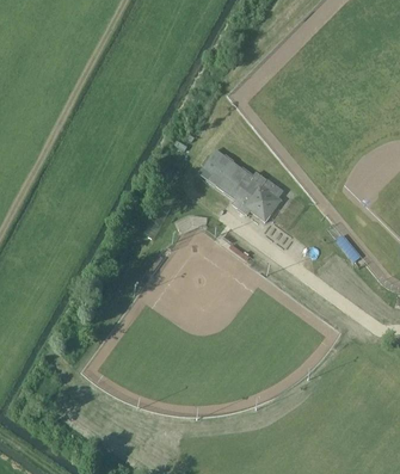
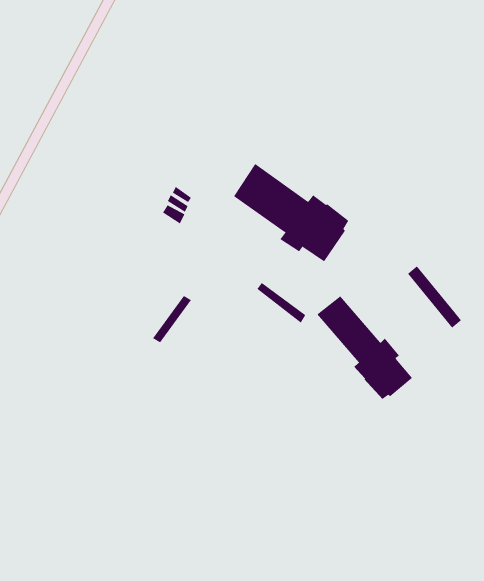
building: none -> [317,295,413,400]

